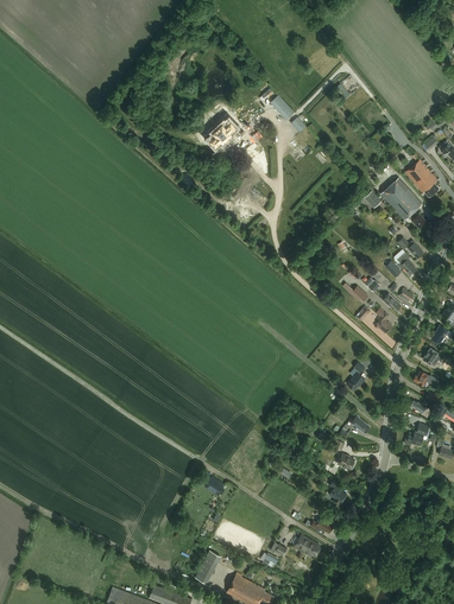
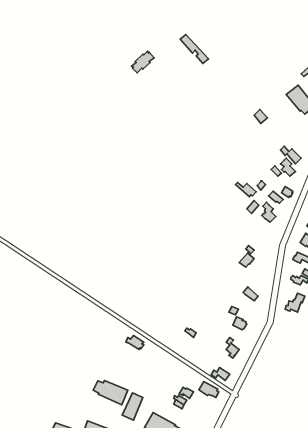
building: [380,178,425,228] -> none
building: none -> [93,380,128,405]

